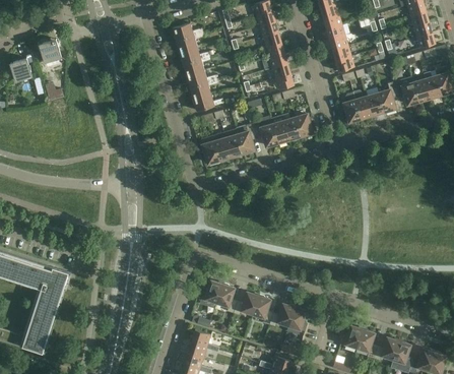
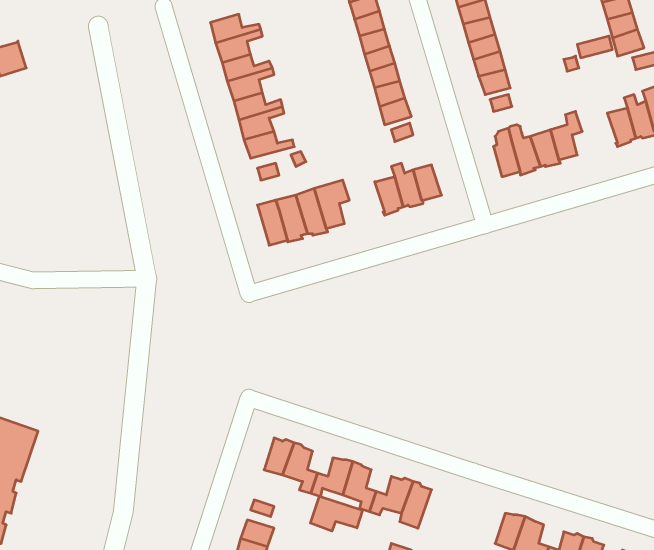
building: [394,77,419,105] -> none
building: [253,116,278,146] -> none
building: none -> [310,496,362,531]

